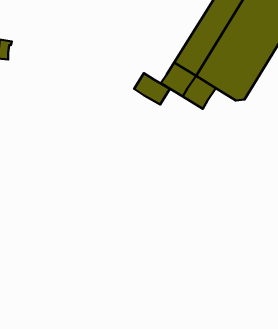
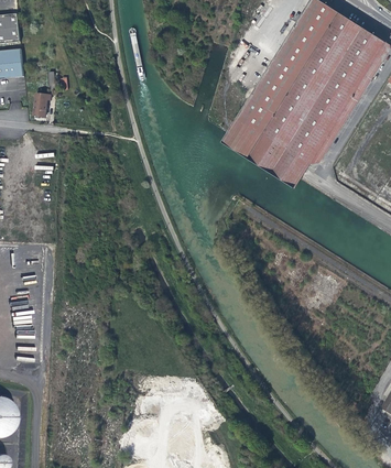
building: [134,73,170,104] -> none
building: none -> [271,149,309,188]

